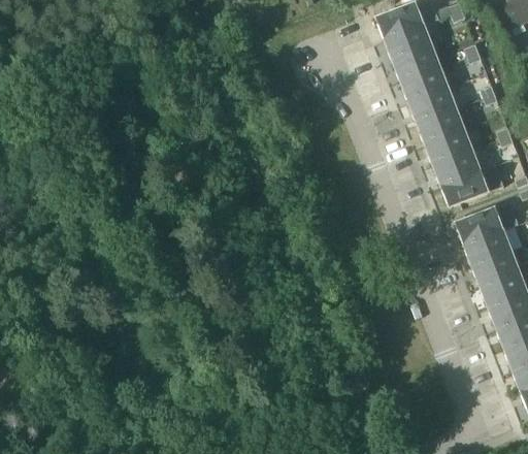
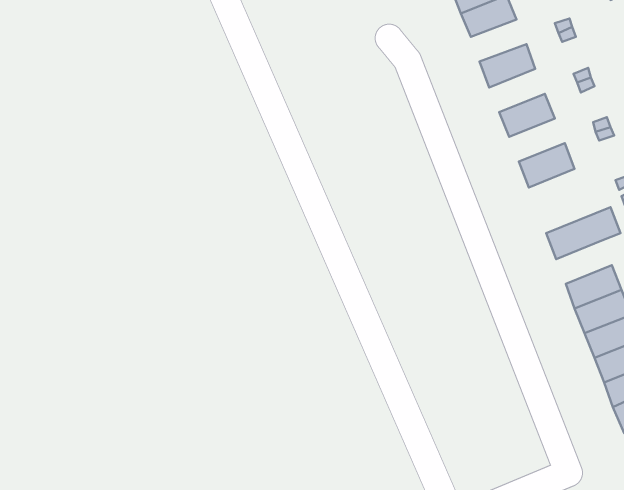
building: [393,44,439,79] -> none
building: [408,86,455,122] -> none
building: [425,127,471,163] -> none
building: [441,164,503,206] -> none
building: [464,229,510,265] -> none

